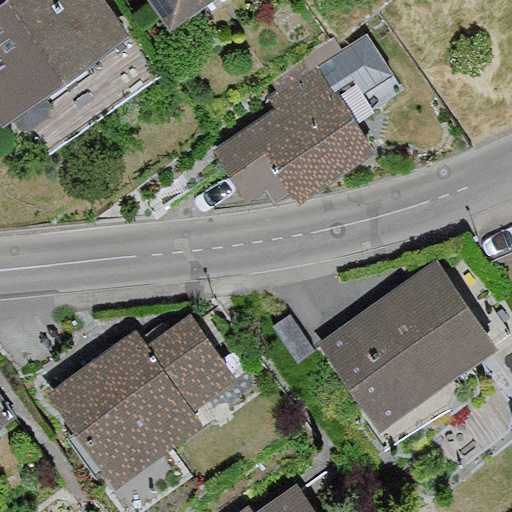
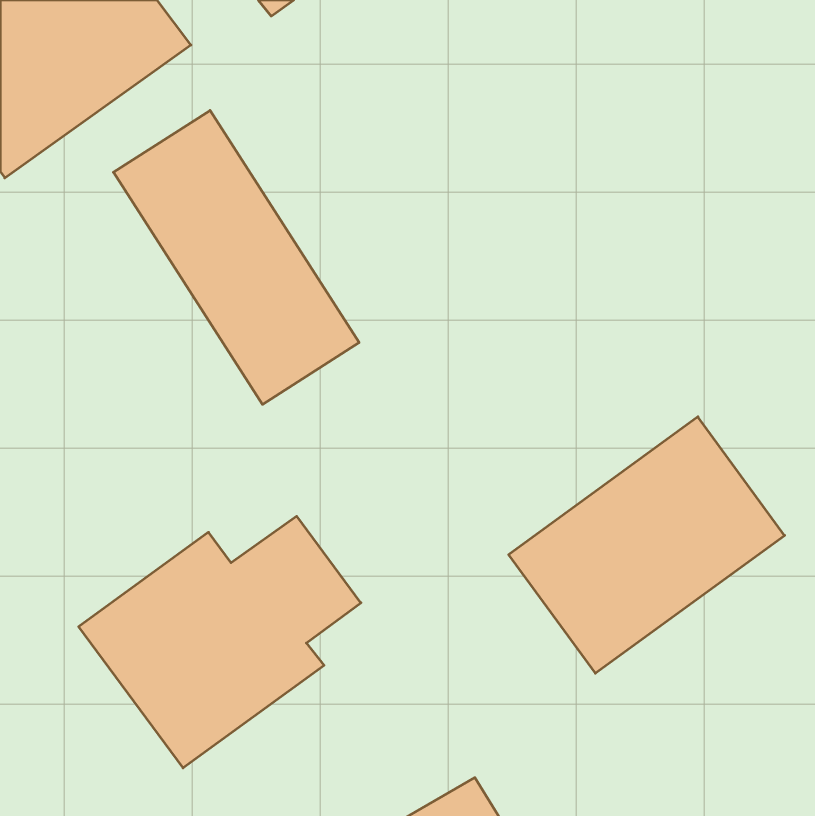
building: [220,47,374,203] -> none
building: none -> [113,110,359,404]

